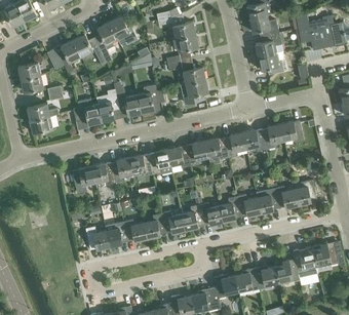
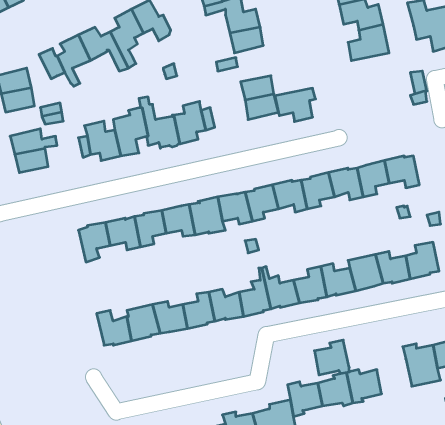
building: [257,52,284,75] -> [275,88,316,122]
building: [274,260,298,283] -> [314,340,349,375]

